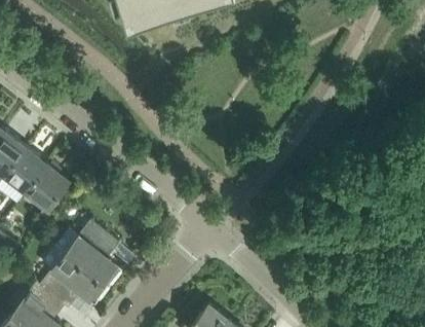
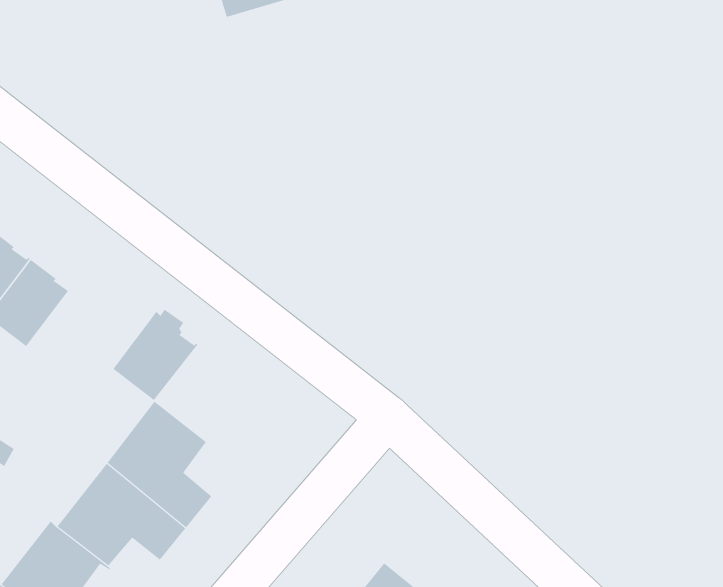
building: [24,164,68,211] -> [112,309,198,401]

